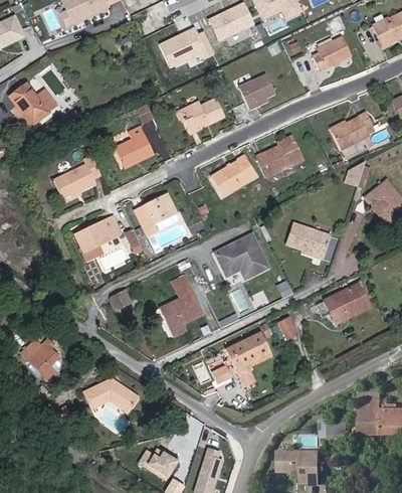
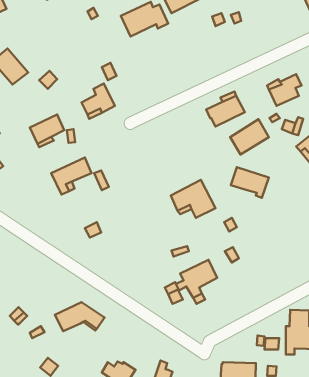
building: [315,35,353,66] -> none
building: [238,72,274,107] -> none
building: [179,98,224,131] -> none
building: [210,153,255,194] -> [230,119,269,154]
building: [137,190,179,229] -> none
building: [317,282,370,324] -> none
building: [160,285,203,336] -> none
building: [22,341,57,380] -> none

